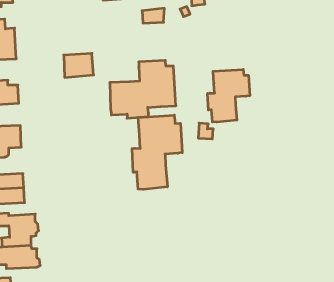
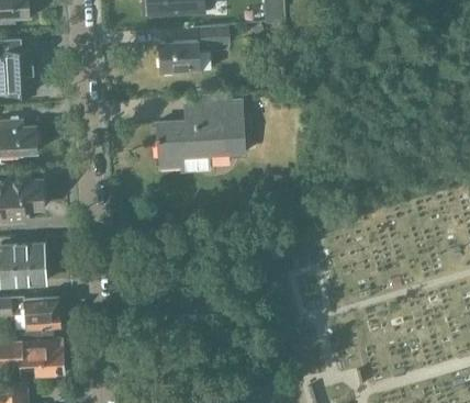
building: [64,53,94,77] -> [159,43,199,75]
building: [208,69,250,122] -> none
building: [132,115,182,189] -> none

